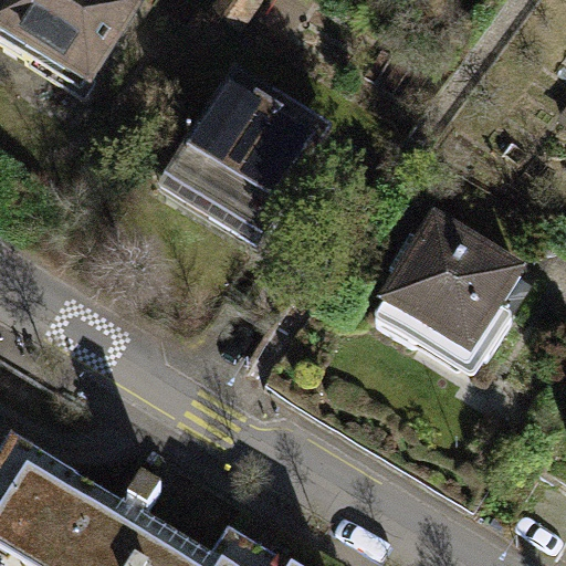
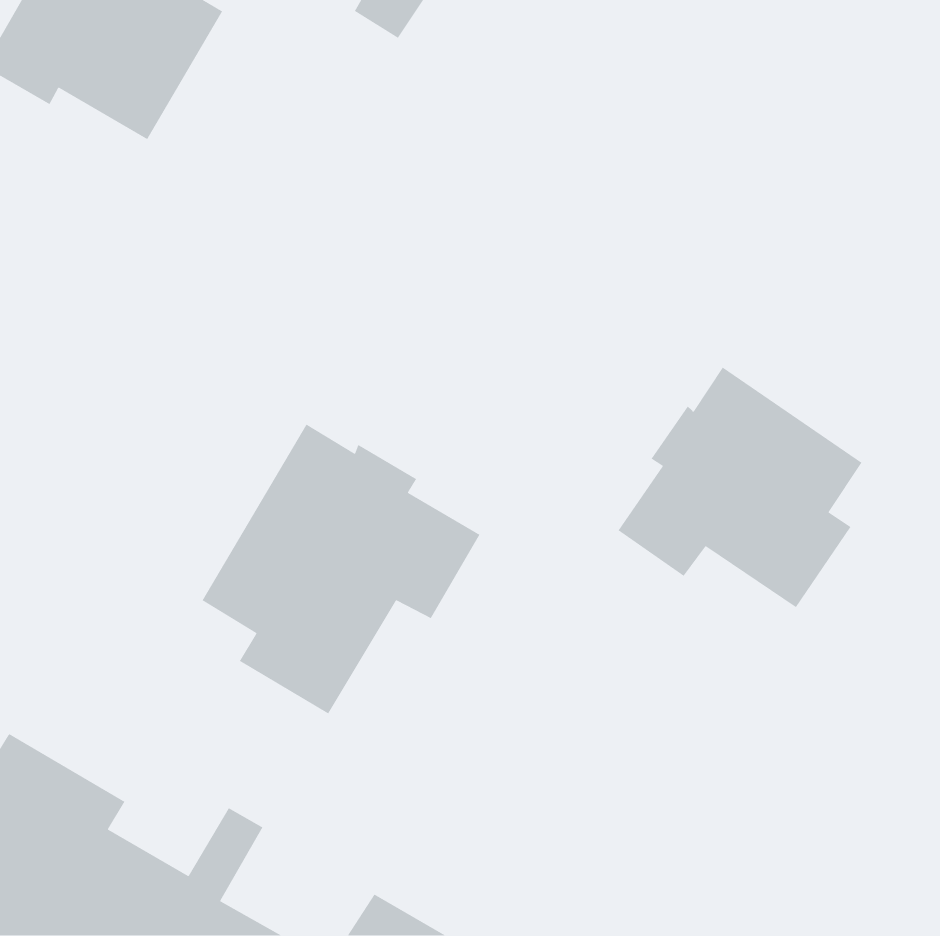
building: [165,73,329,243] -> none
building: none -> [201,423,480,714]

